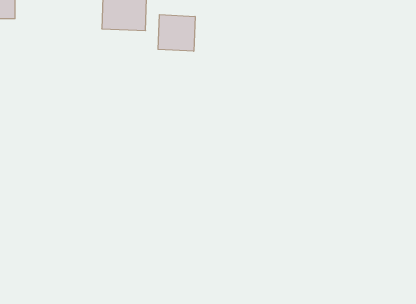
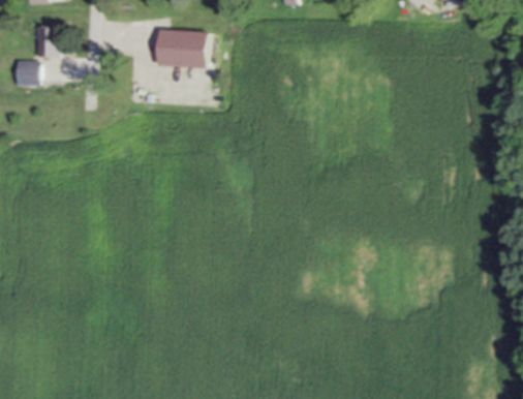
building: [158,15,195,51] -> none

